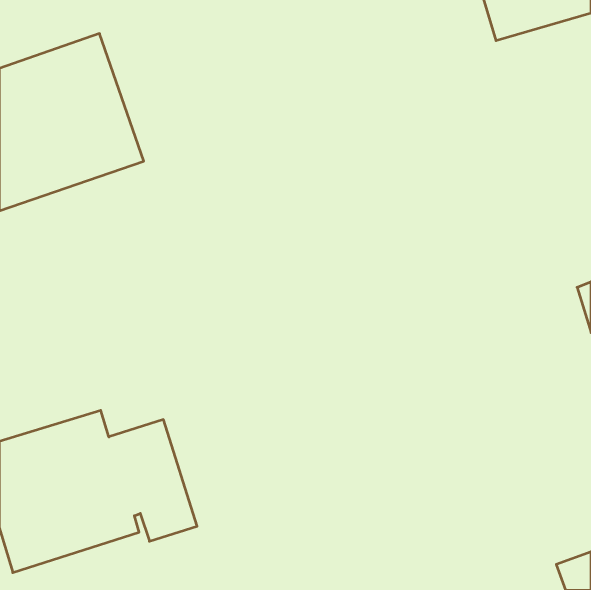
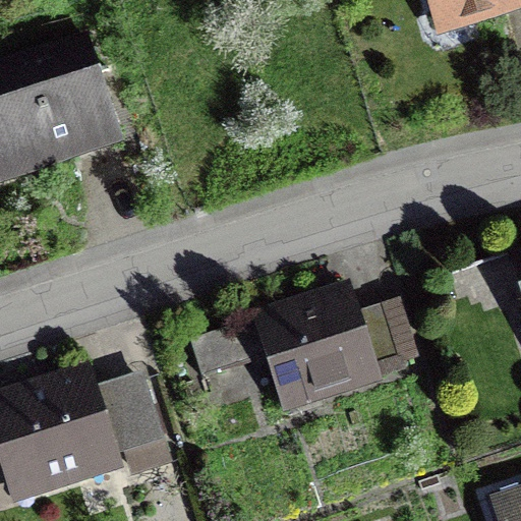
building: none -> [189,279,421,413]

